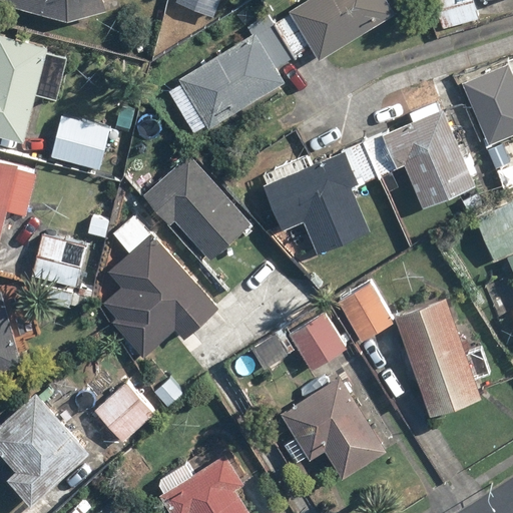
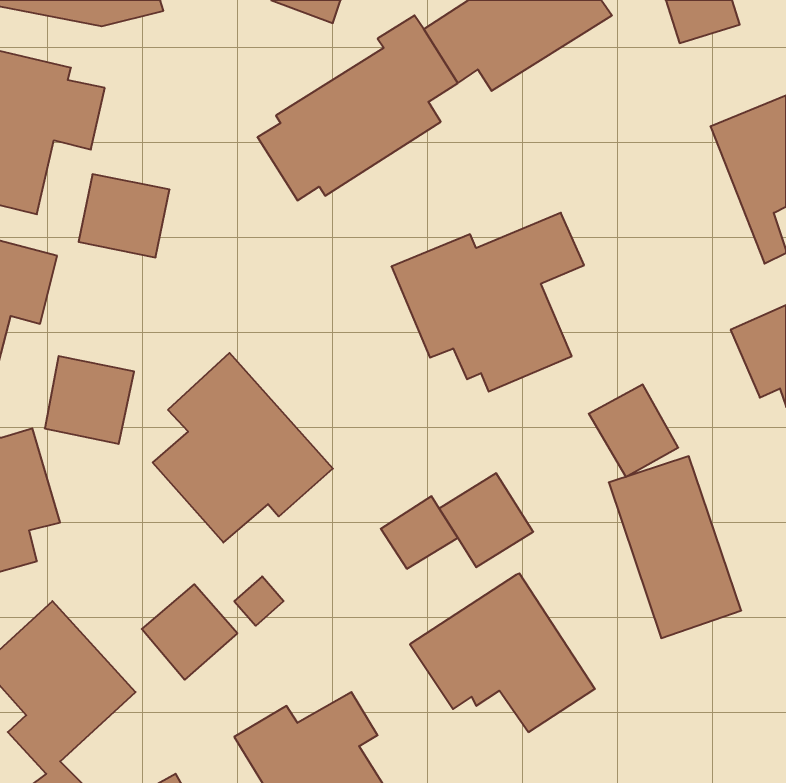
building: [365,108,484,211] -> none
building: [142,151,252,260] -> none
building: [337,283,395,343] -> [589,384,678,477]

